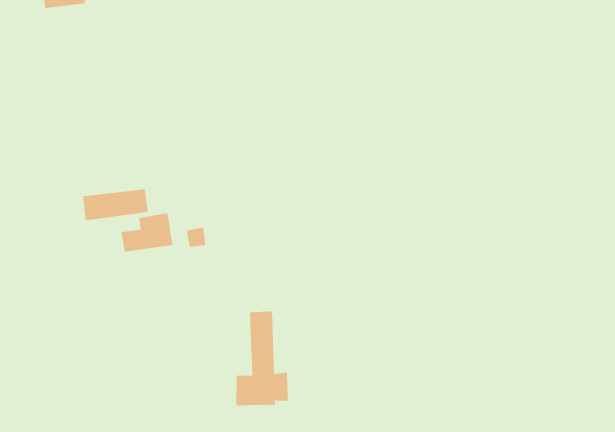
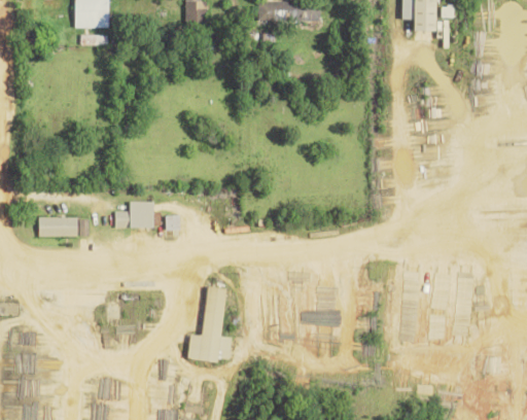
building: [82,189,148,221] -> [37,217,87,237]

